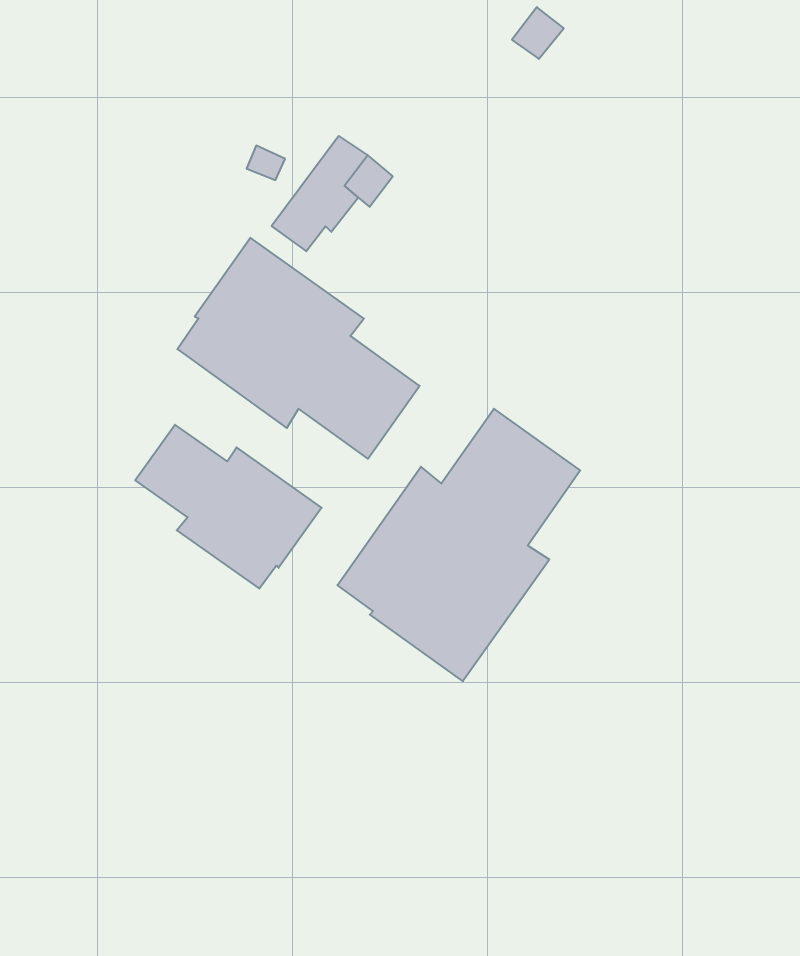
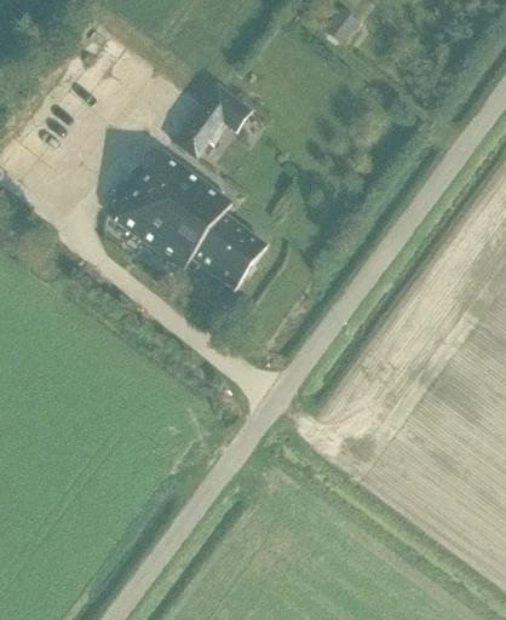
building: [337,409,580,681] -> none
building: [135,425,322,589] -> none

